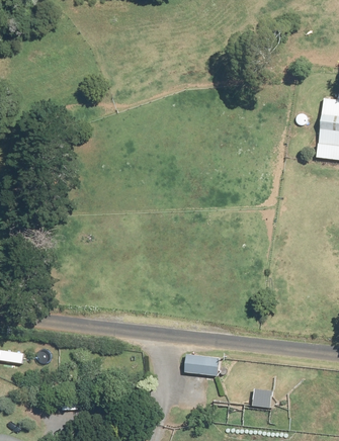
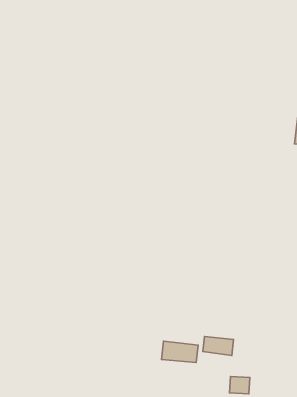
building: none -> [203,337,234,355]

